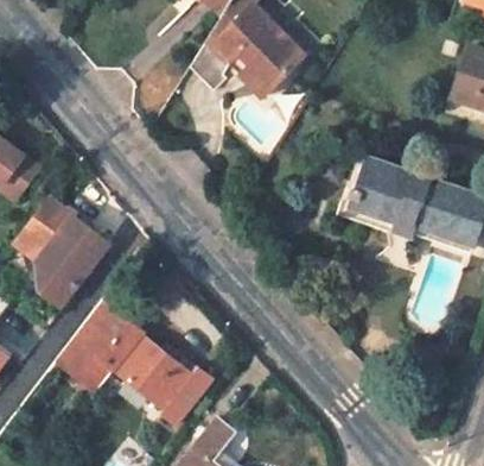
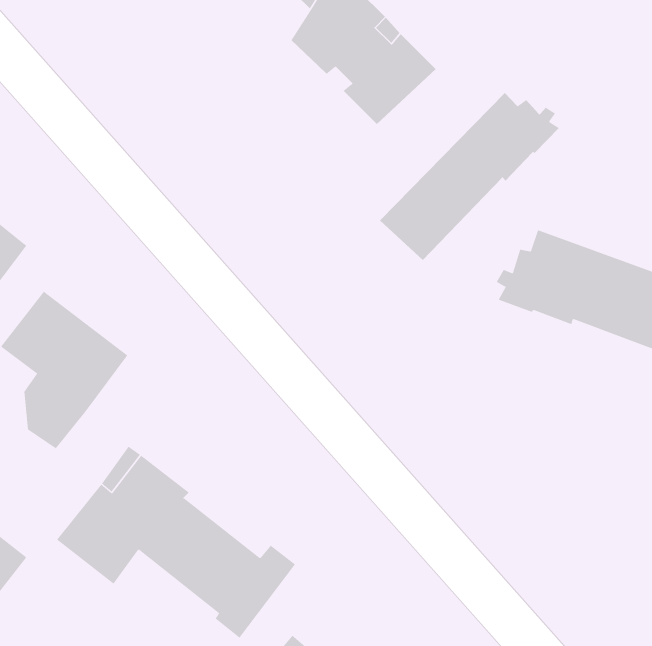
building: [190,34,233,88] -> none
building: none -> [379,92,560,261]

